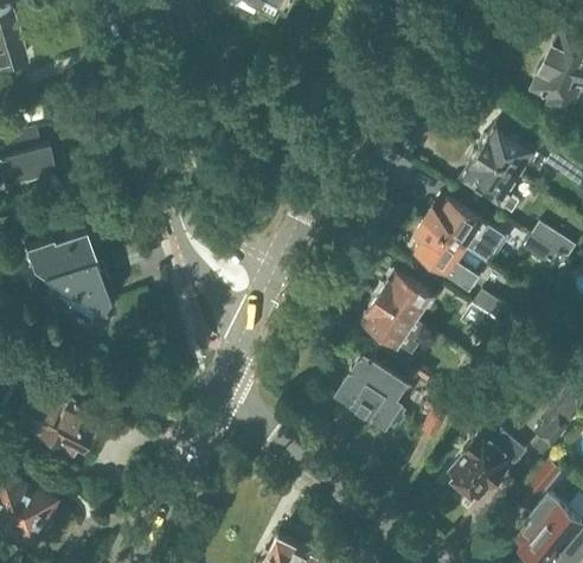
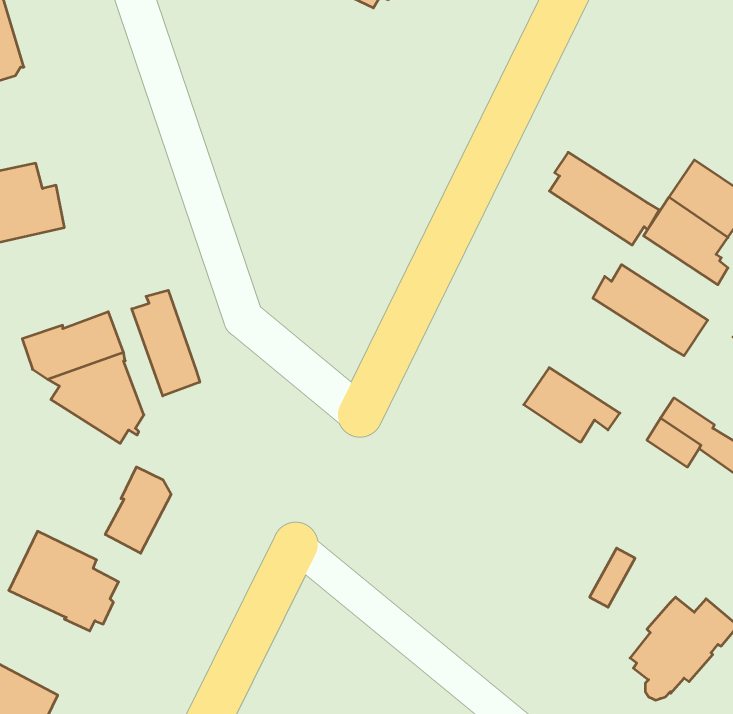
building: none -> [132,290,200,396]
building: [410,222,487,287] -> [549,152,659,245]
building: [358,296,423,357] -> none
building: none -> [105,467,171,553]
building: [335,353,410,428] -> none

